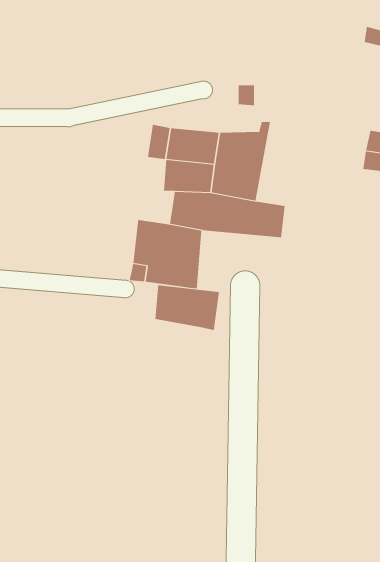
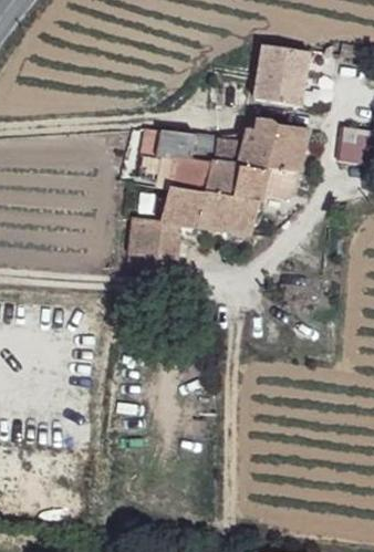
building: none -> [253,42,305,101]
building: none -> [241,112,308,200]
building: [155,284,219,331] -> none

